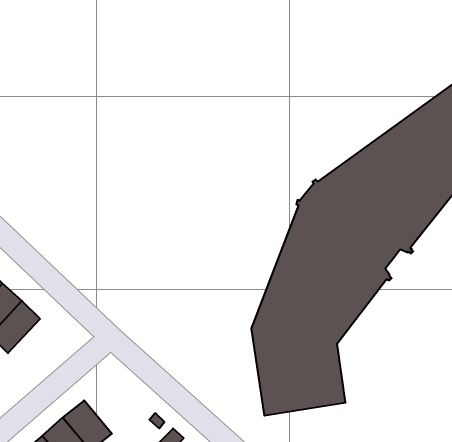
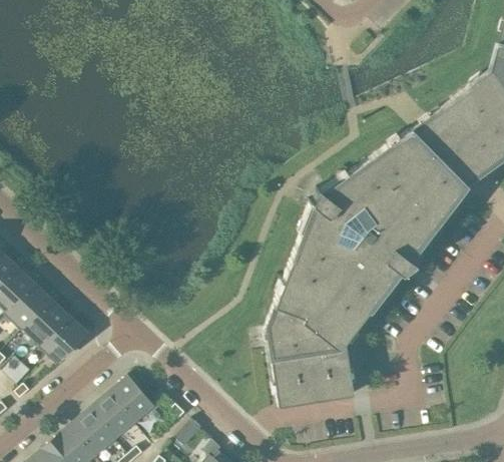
building: none -> [40,317,88,366]
building: none -> [111,376,156,424]

